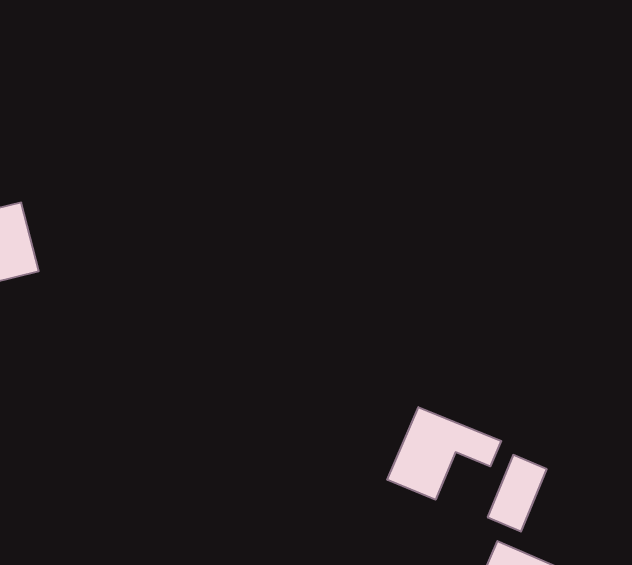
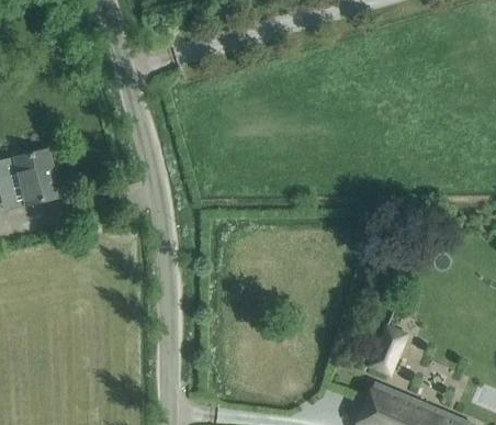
building: [387,407,501,500] -> none

